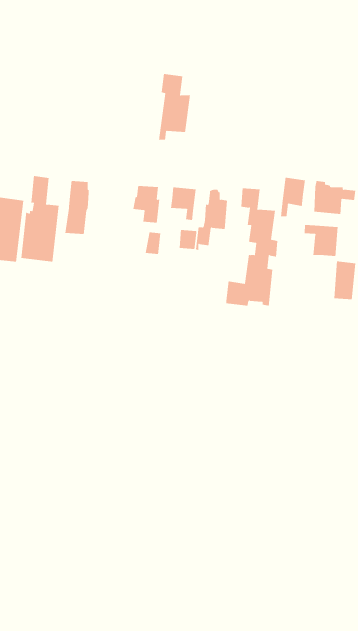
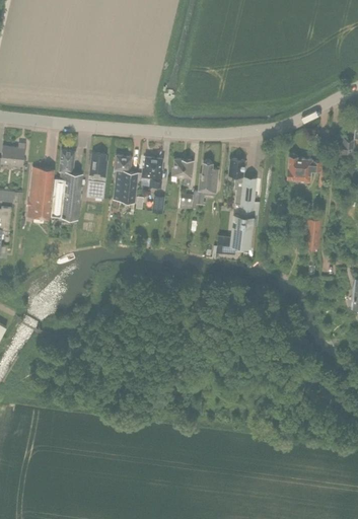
building: [158,74,191,140] -> [113,154,139,208]
building: [280,177,306,217] -> none
building: [304,224,338,257] -> none

